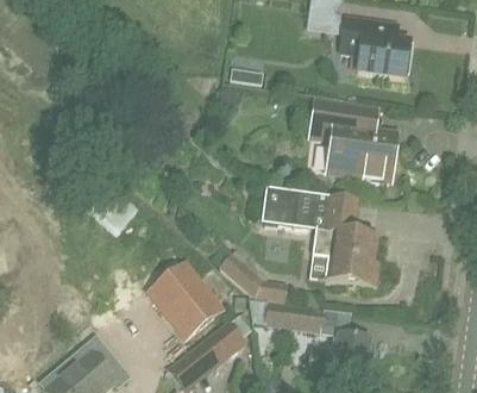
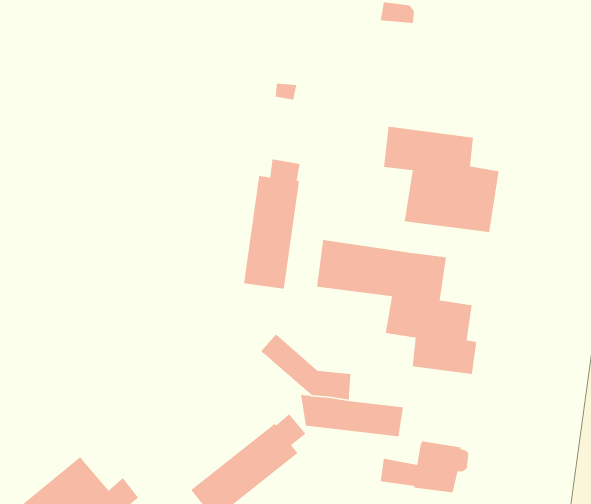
building: [340,17,409,75] -> none
building: none -> [243,158,301,290]
building: [149,263,221,338] -> none

